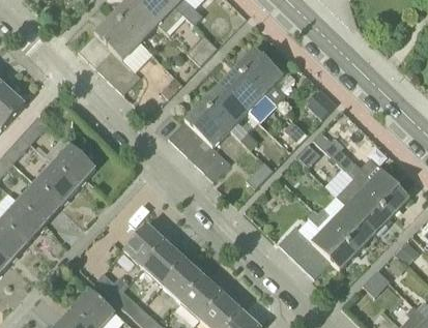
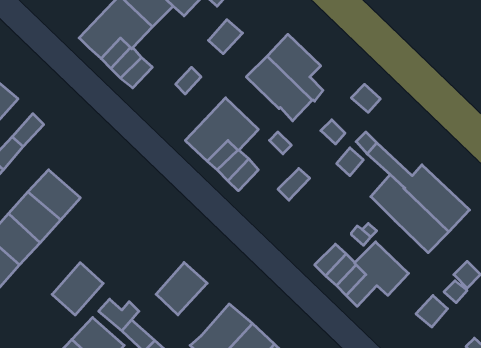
building: [202,84,248,128] -> none
building: [52,143,96,186] -> none
building: [330,206,374,250] -> none
building: [123,223,167,268] -> [52,263,103,315]
building: [162,259,205,303] -> none

